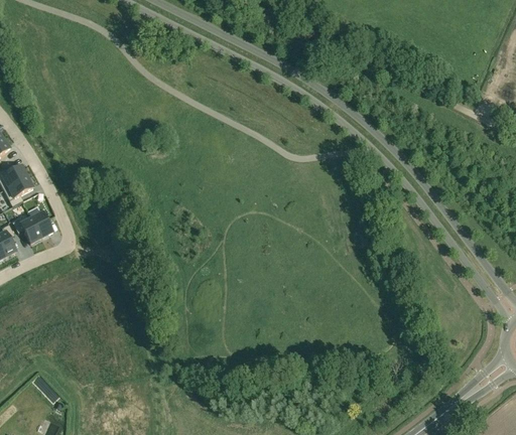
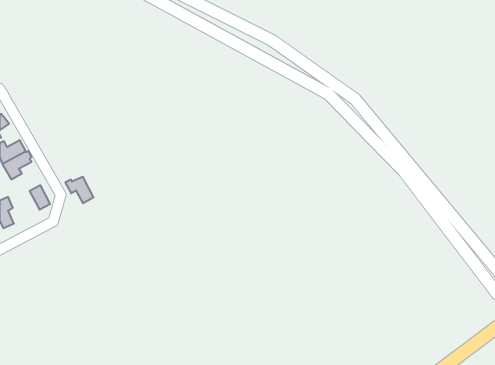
building: [12,214,41,242] -> [65,177,94,203]

